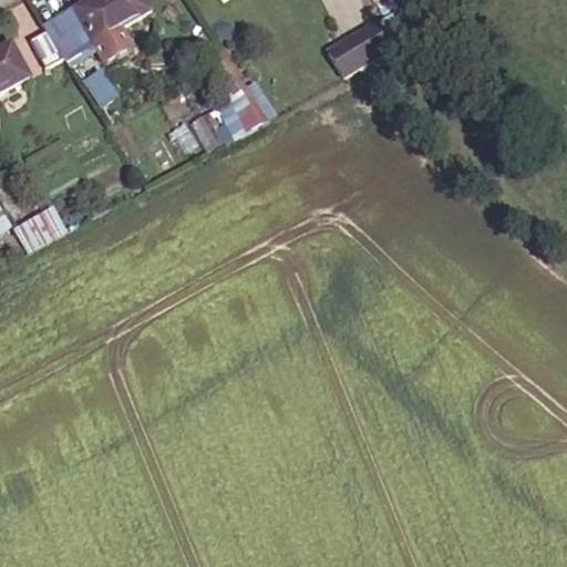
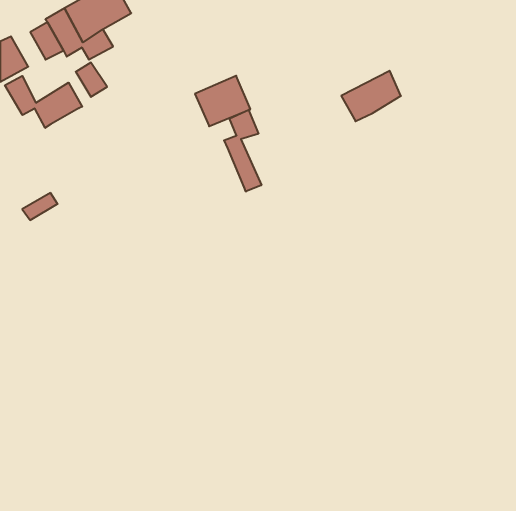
building: [326,17,391,72] -> [341,71,401,121]
building: none -> [5,76,82,128]
building: none -> [224,110,261,192]

